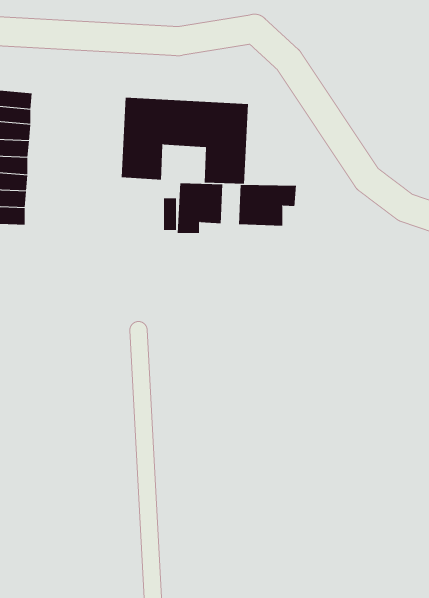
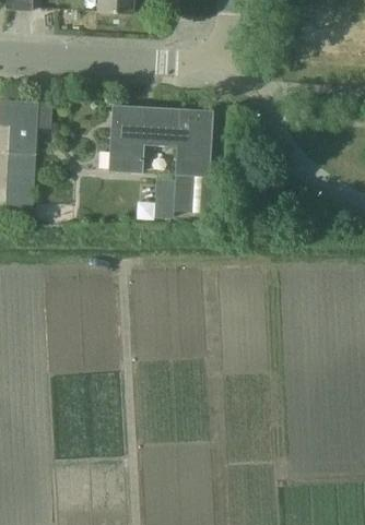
building: [238,184,297,226] -> none

